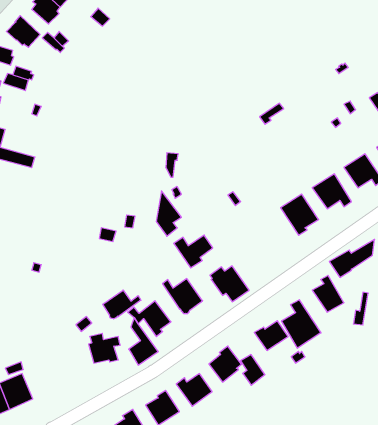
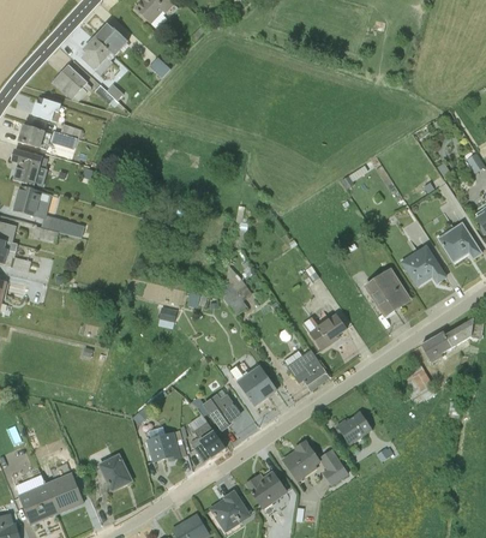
building: [174,235,213,268] -> [301,313,346,351]
building: [103,290,141,319] -> none
building: [282,300,321,348] -> none
building: none -> [100,454,131,489]

